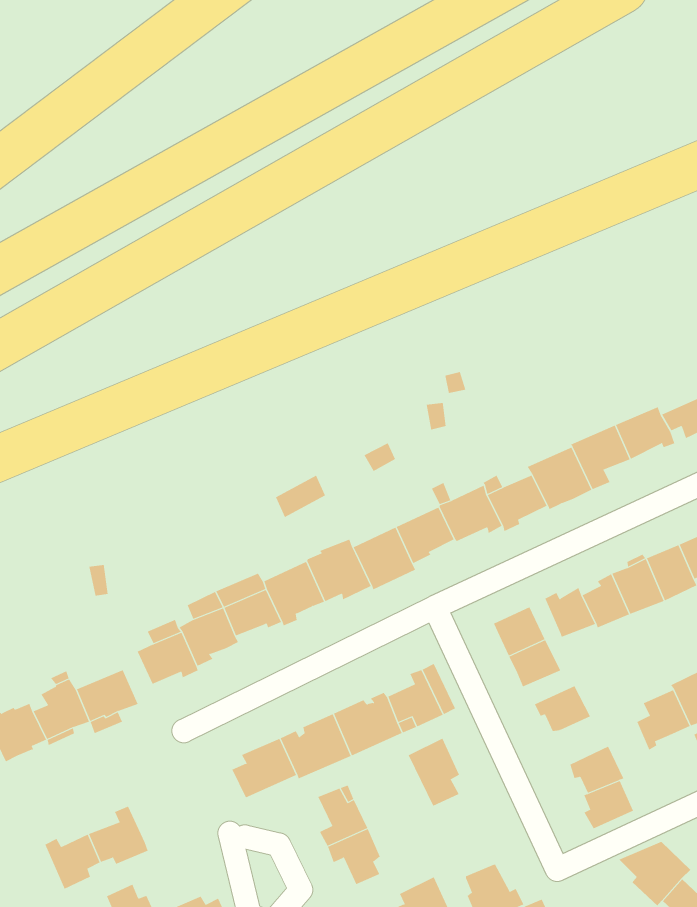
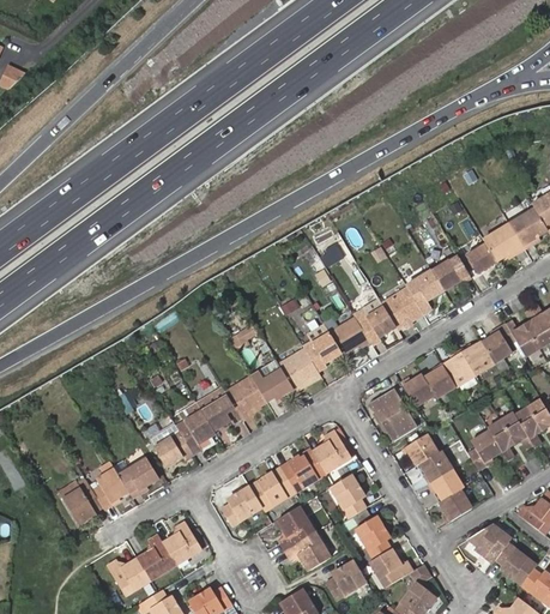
building: none -> [421,450,452,482]
building: none -> [163,526,198,561]
building: none -> [356,517,389,559]

